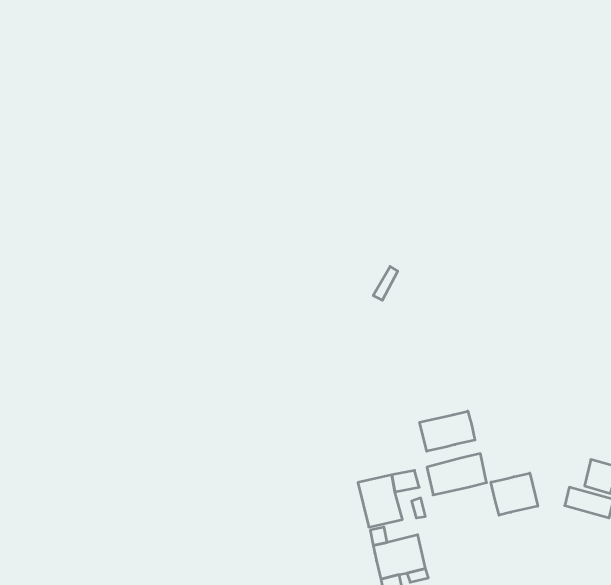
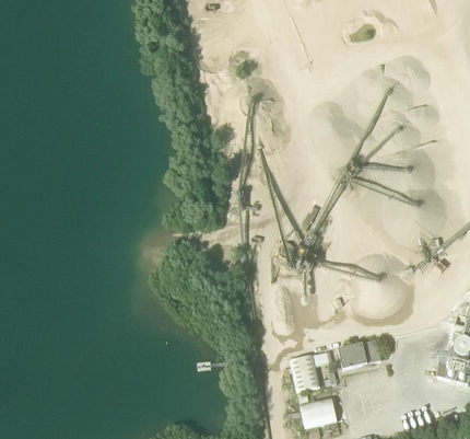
building: [420,411,475,451] -> none
building: [491,473,538,515] -> none

